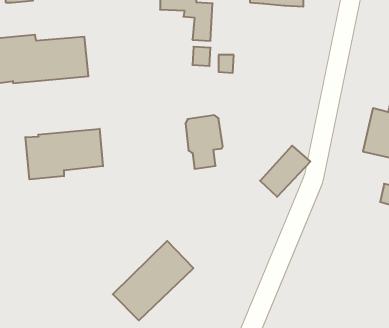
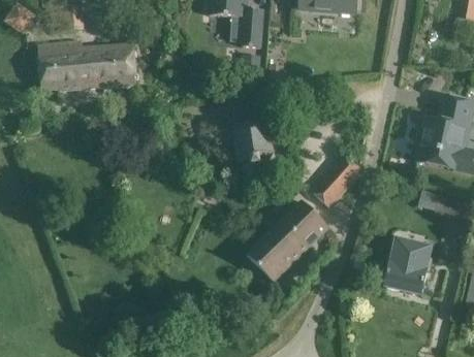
building: [25,129,103,179] -> none
building: none -> [386,236,432,293]
building: [113,241,193,320] -> [247,198,329,280]

